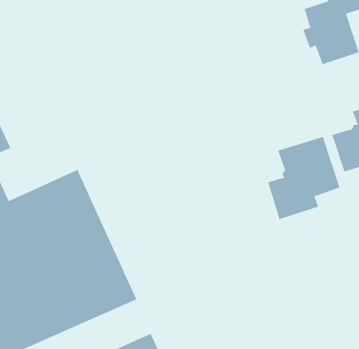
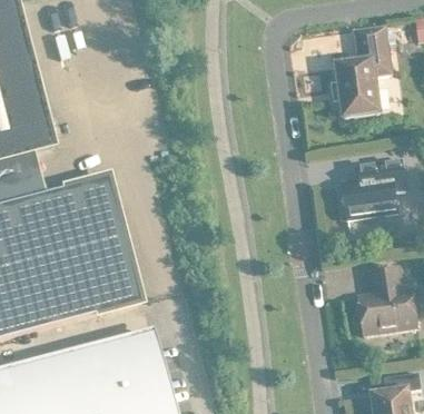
building: [268,136,340,220] -> none

